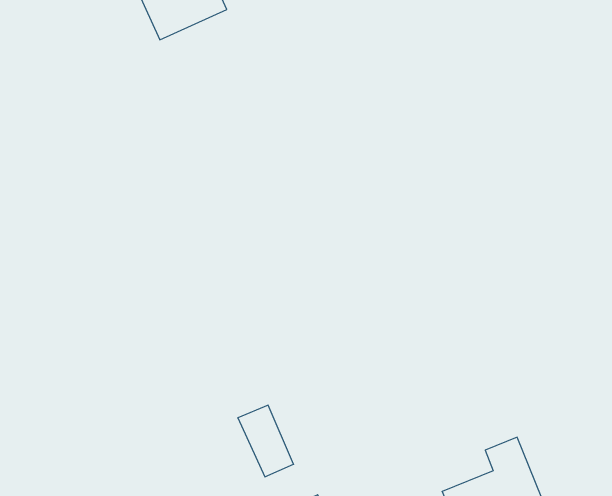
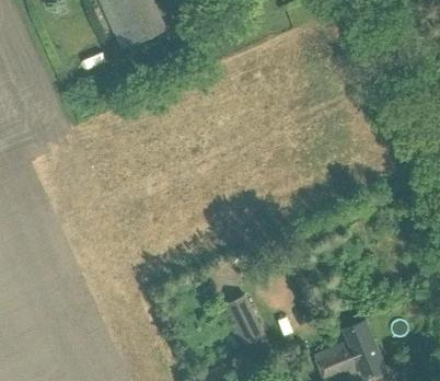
building: [238,405,294,477] -> [223,292,262,342]

